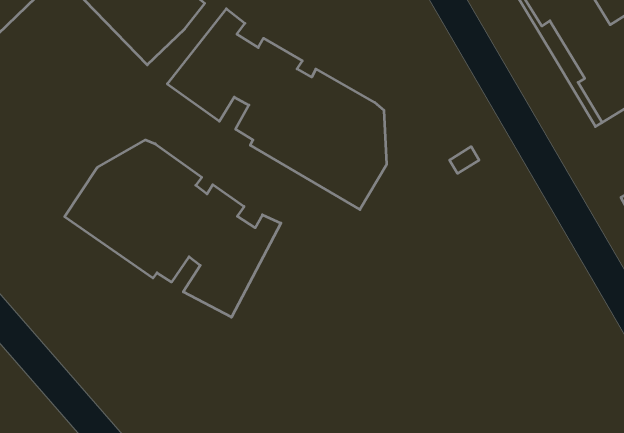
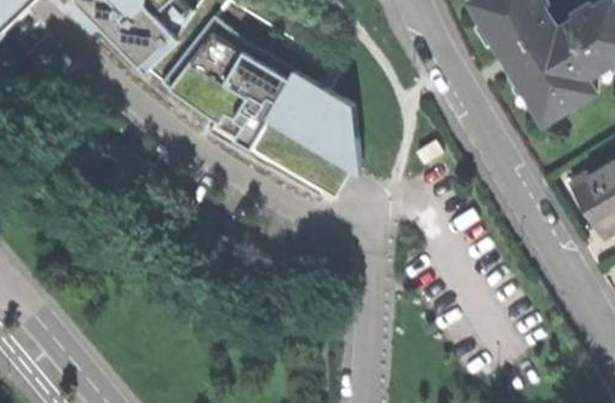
building: [65,140,281,317] -> none

